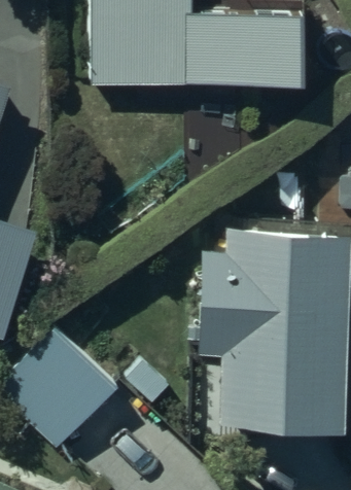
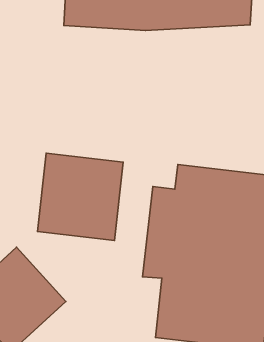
building: none -> [38,153,123,240]

